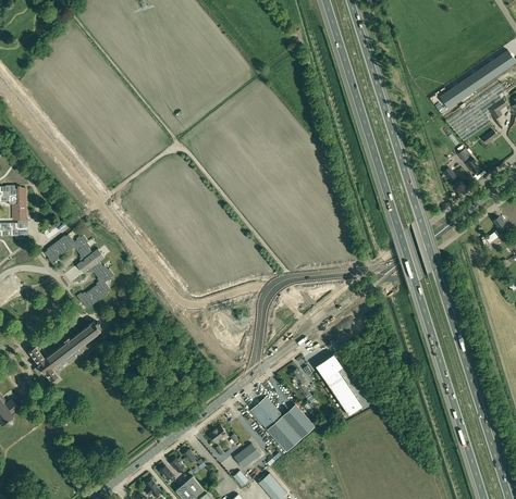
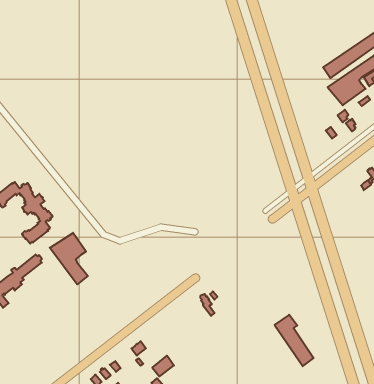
building: none -> [50,233,88,284]
building: [316,353,363,415] -> [275,315,314,366]
building: [251,397,315,451] -> none

